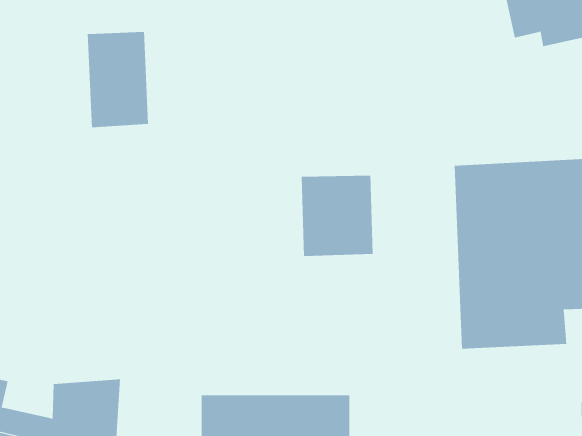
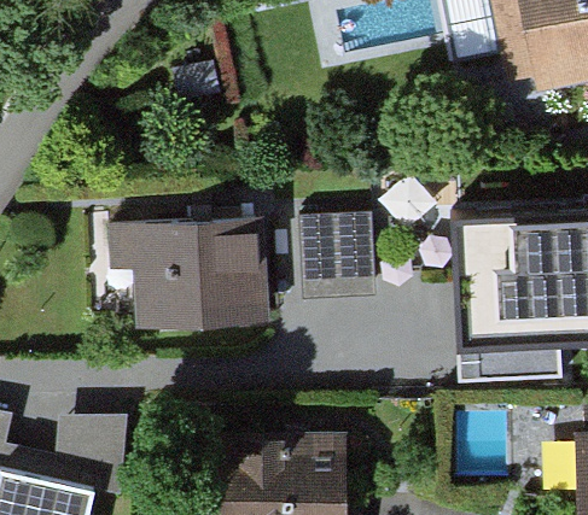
building: [87,31,149,128] -> none
building: none -> [109,216,276,333]

